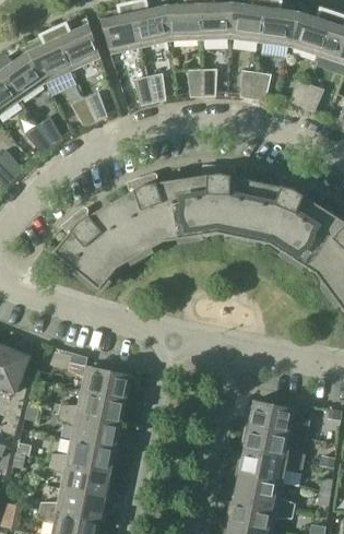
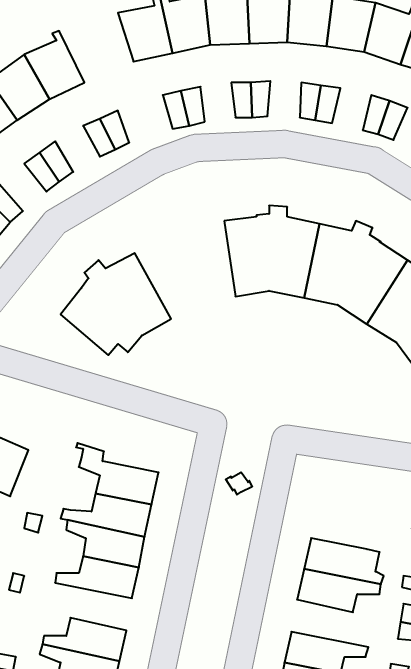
building: [52,20,100,70] -> none
building: [111,175,190,254] -> none
building: [249,400,312,437] -> none
building: [48,461,109,498] -> none
building: [234,474,295,511] -> none

